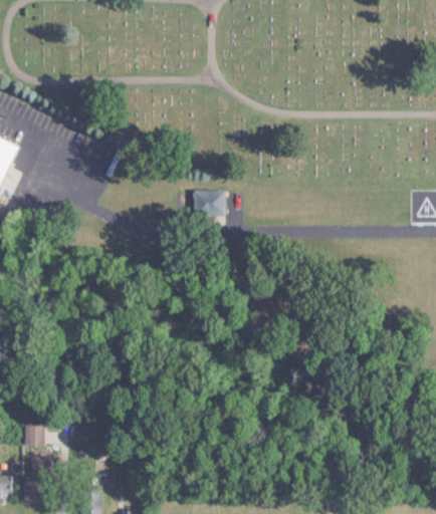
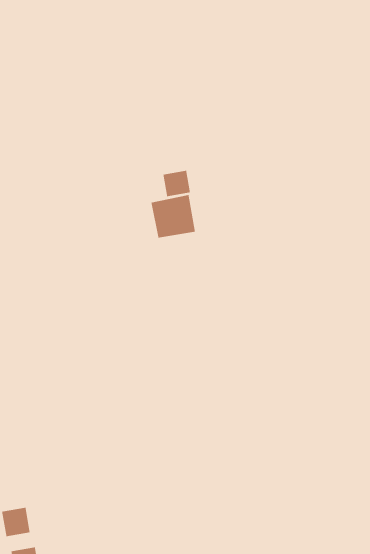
building: none -> [163,170,191,197]

